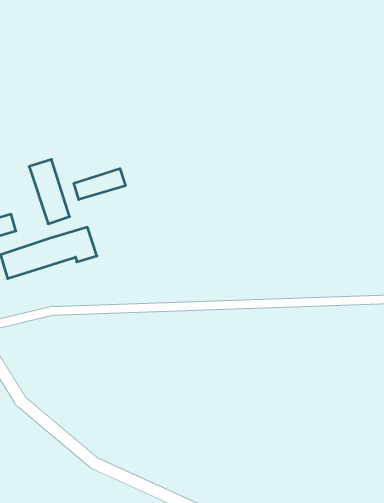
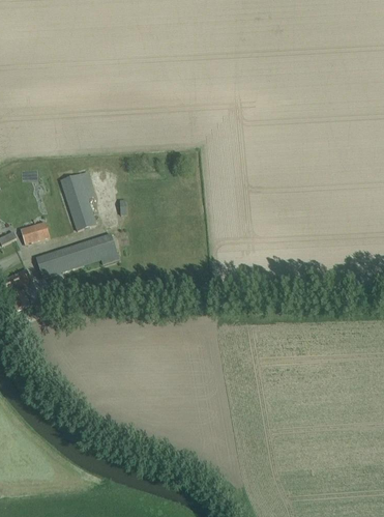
building: [74,169,125,200] -> none

